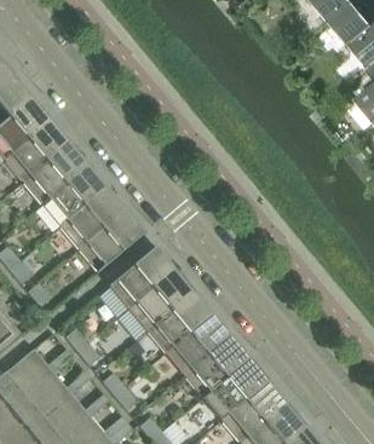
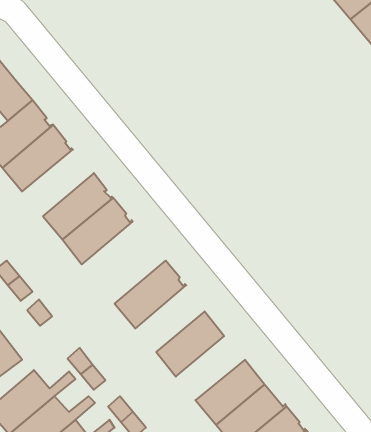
building: [22,143,88,204] -> none
building: [77,209,144,272] -> none
building: [127,269,191,330] -> none
building: [165,316,229,375] -> none

